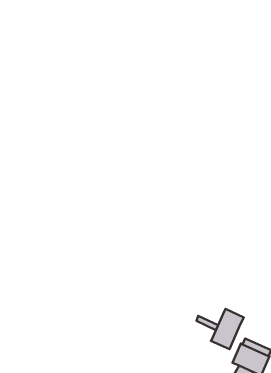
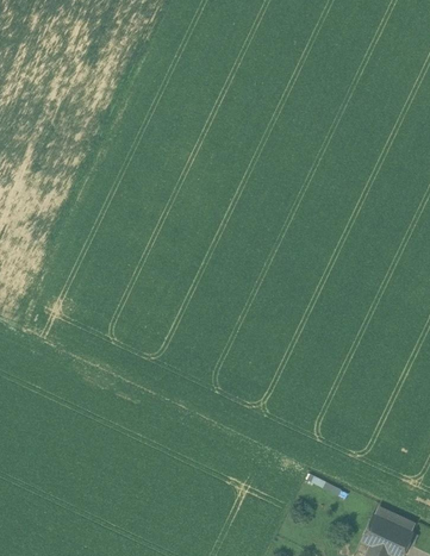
building: [211,309,244,349] -> none

